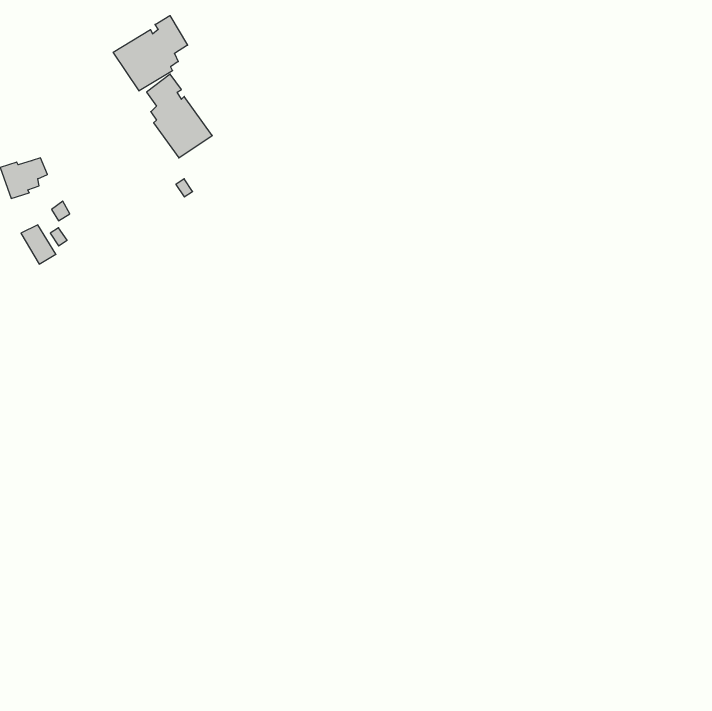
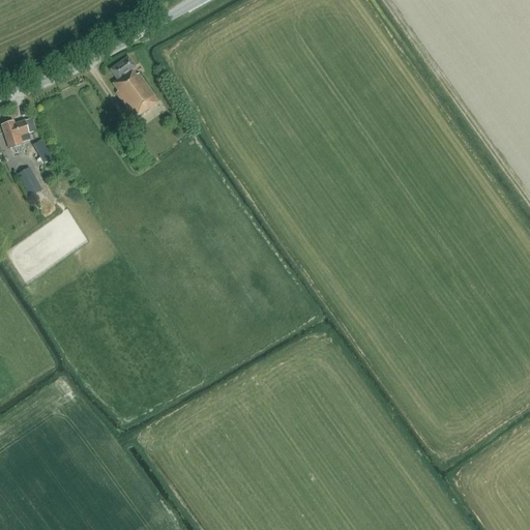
building: [113,16,188,91] -> none

